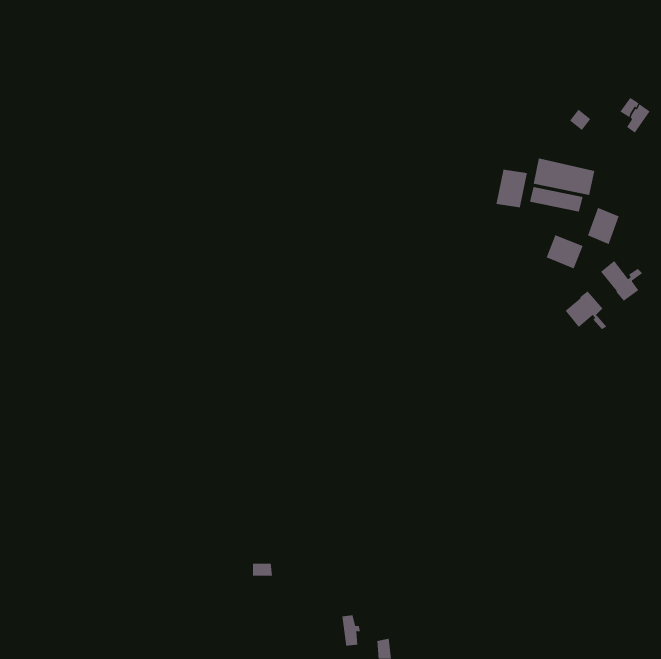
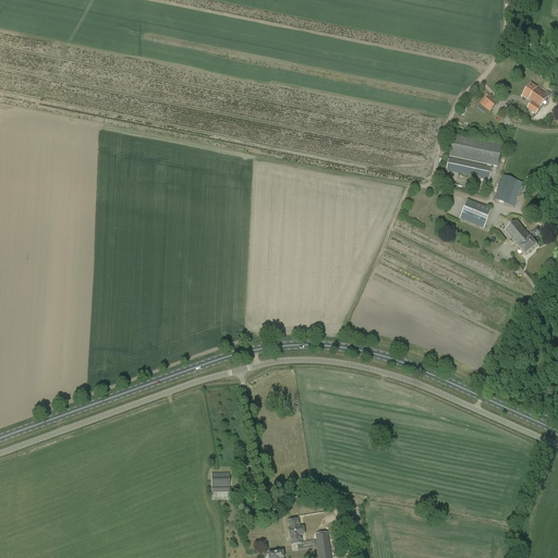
building: [496,169,528,208] -> none
building: [565,291,607,330] -> none

